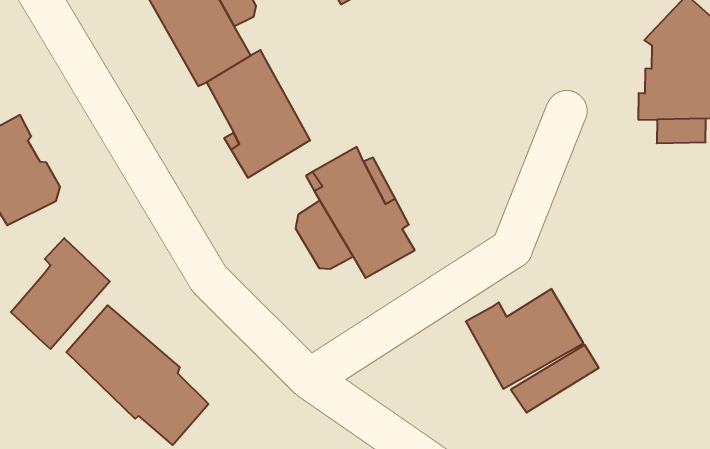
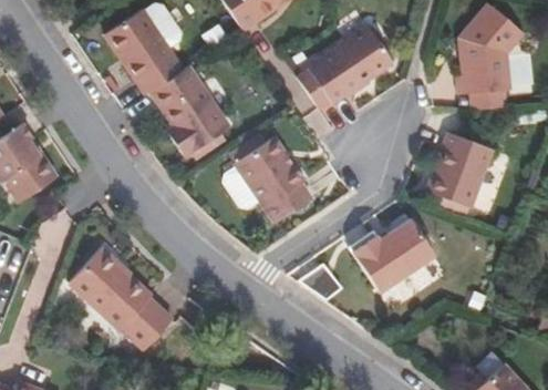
building: none -> [300,28,393,110]
building: none -> [428,132,493,218]
building: [11,238,110,349] -> none

